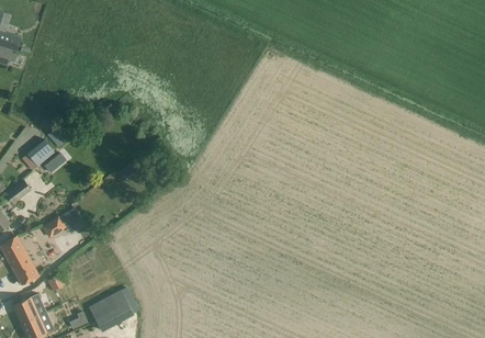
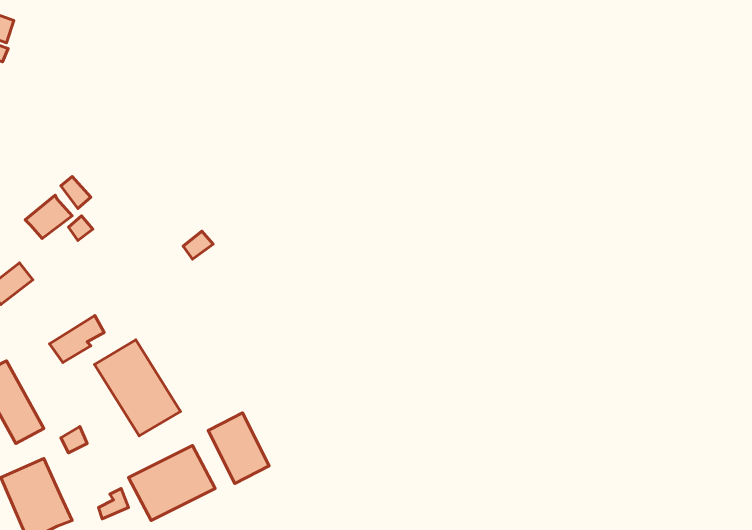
building: none -> [95,340,180,436]
building: none -> [208,413,269,483]

